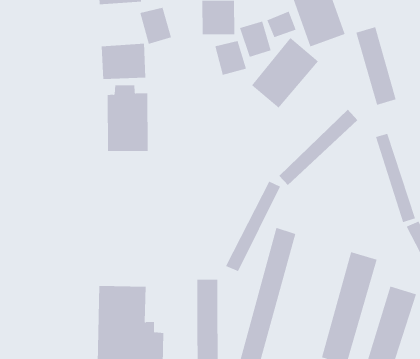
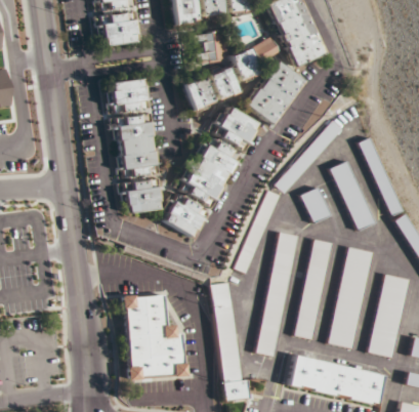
building: [140,7,172,45] -> [183,77,214,112]
building: [356,26,397,106] -> [331,160,373,231]
building: none -> [161,107,259,238]
building: none -> [124,179,161,211]
building: none -> [301,187,330,222]
building: none -> [295,239,332,339]

